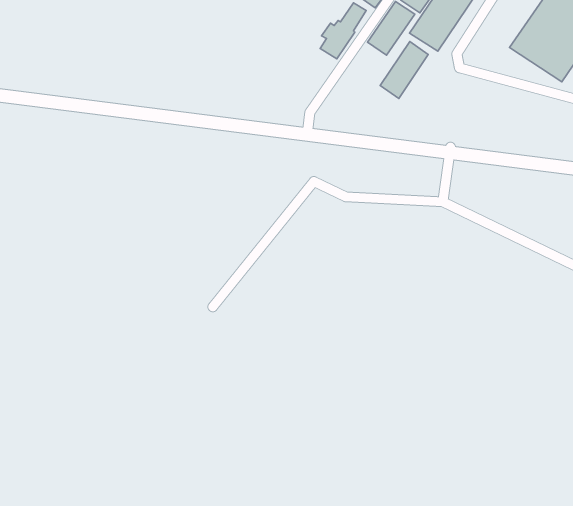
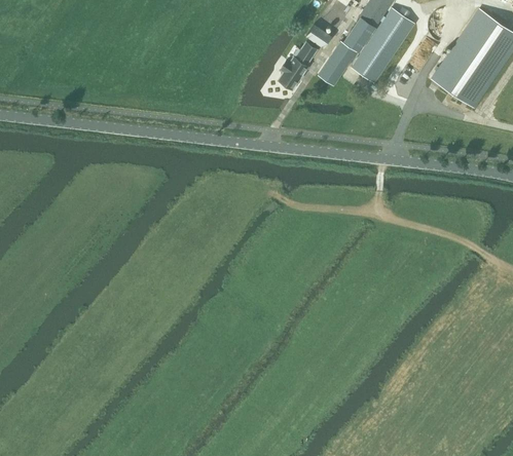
building: [380,42,428,98] -> none

